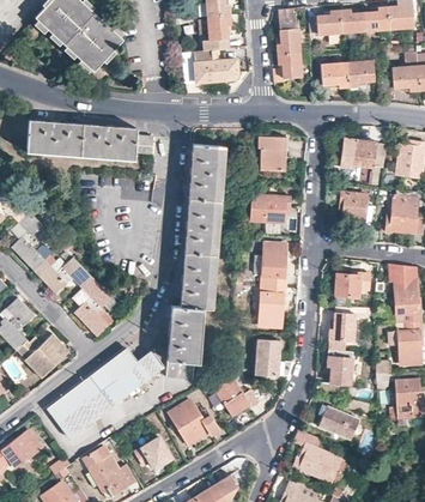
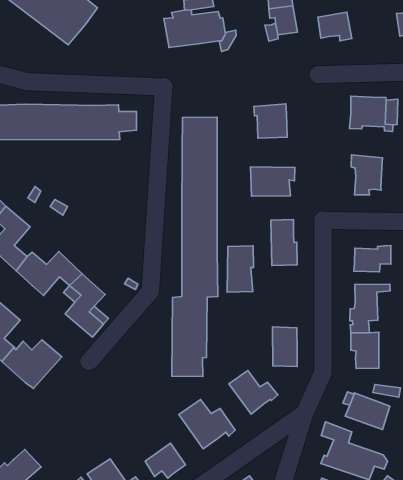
building: [347,60,375,86] -> none
building: [259,284,285,326] -> [227,246,253,292]
building: [48,349,162,436] -> none

